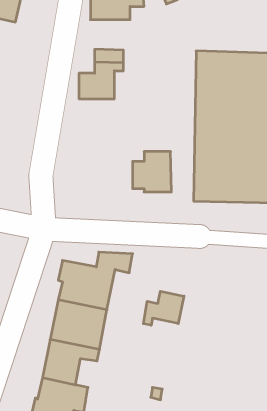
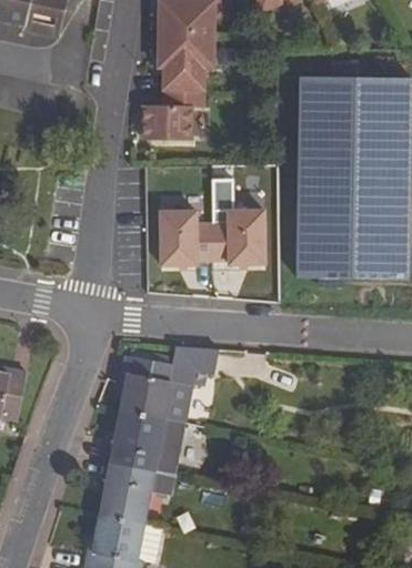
building: none -> [159,33,212,67]
building: none -> [162,212,215,265]
building: [143,291,184,325] -> none

